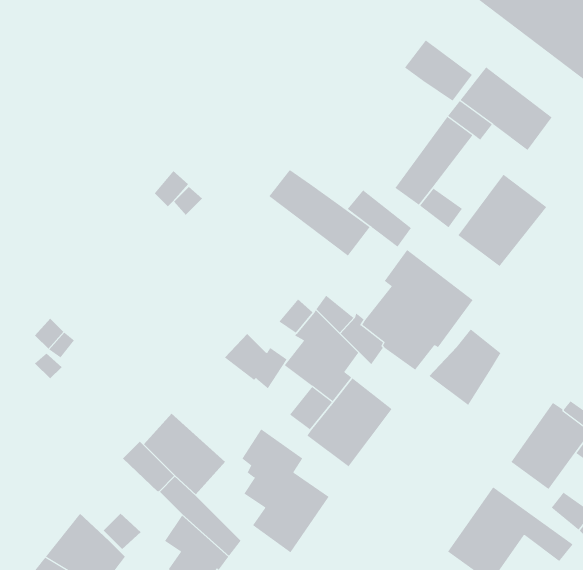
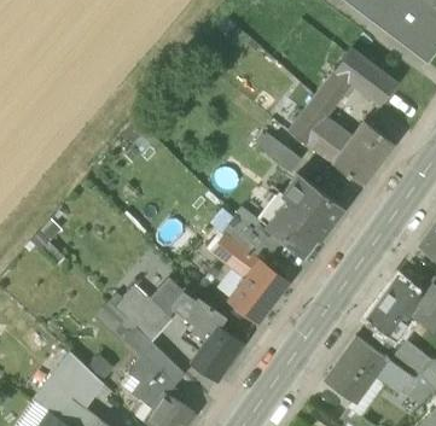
building: [404,39,473,101] -> none
building: none -> [315,116,353,164]
building: [269,169,371,257] -> none
building: [428,329,501,406] -> none
building: [224,333,288,389] -> [153,279,197,317]

